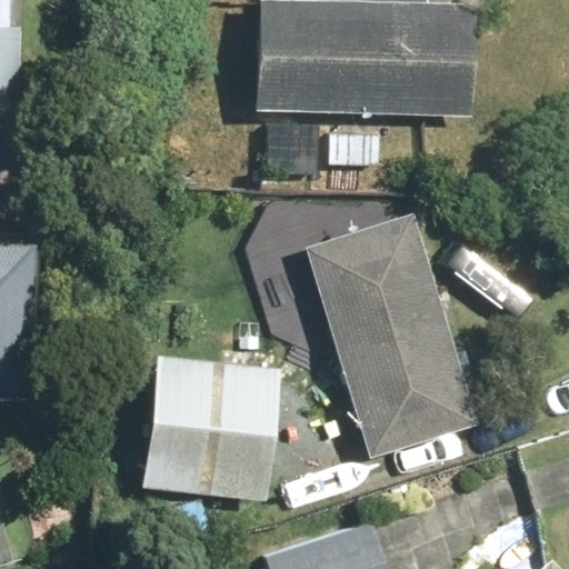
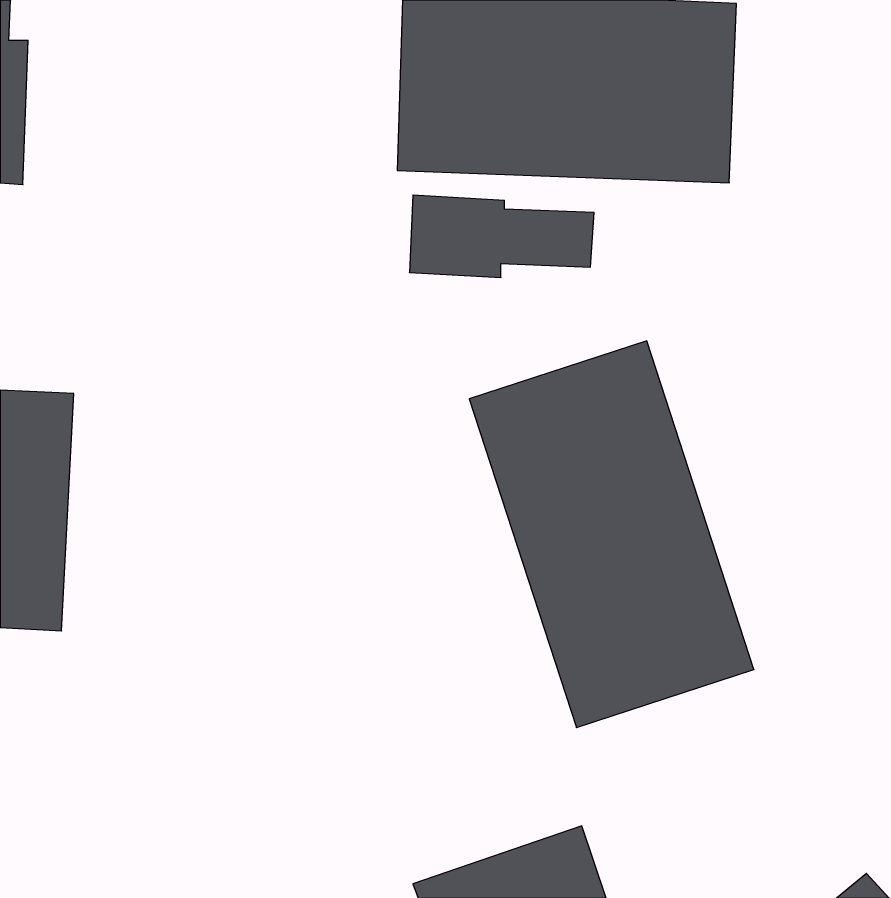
building: [143,359,276,496] -> none

